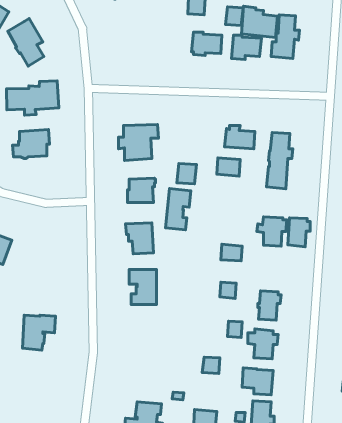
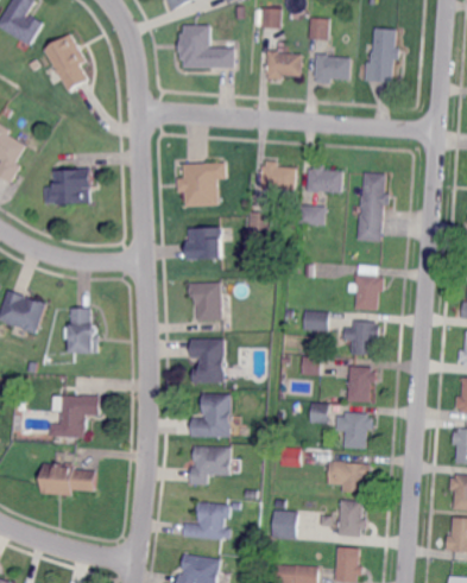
building: [241,6,278,38] -> none
building: none -> [176,25,232,69]
building: [6,81,59,115] -> none
building: none -> [260,160,297,190]
building: [165,189,191,230] -> none
building: [288,218,310,247] -> [352,319,379,355]
building: none -> [65,308,95,354]
building: none -> [188,394,228,437]
building: none -> [190,445,229,481]
building: none -> [43,462,95,493]

